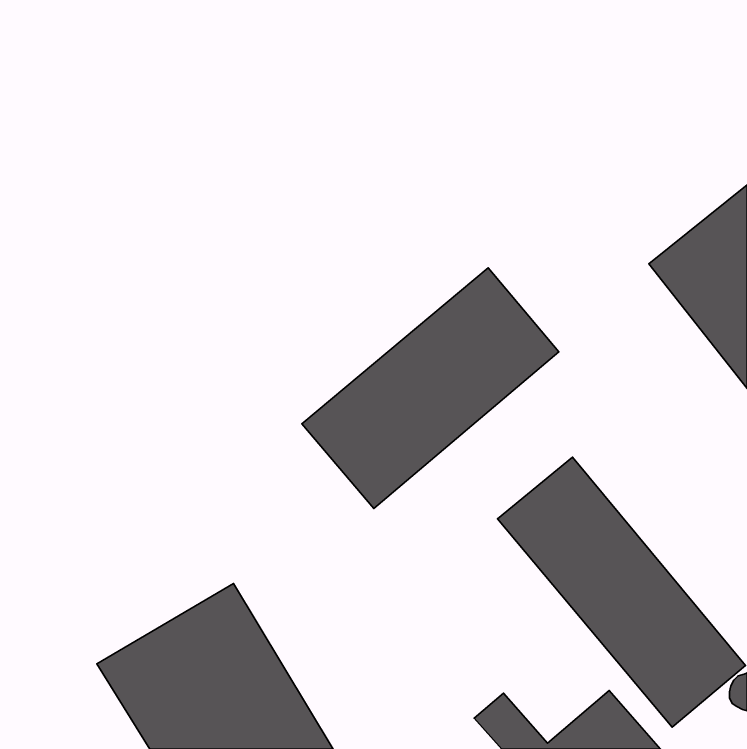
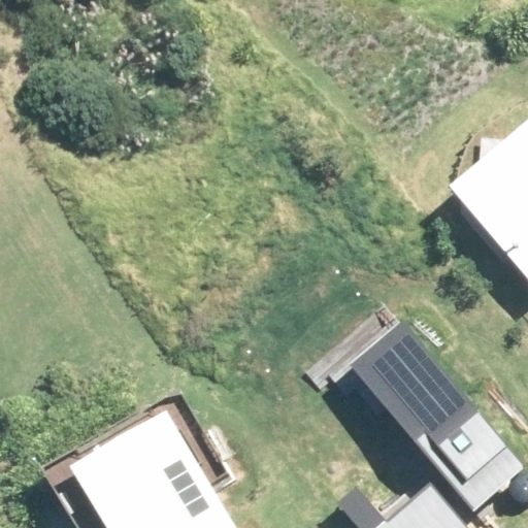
building: [302,268,559,509] -> none

